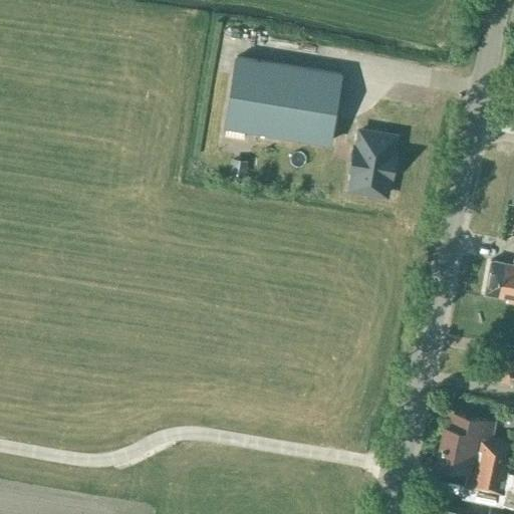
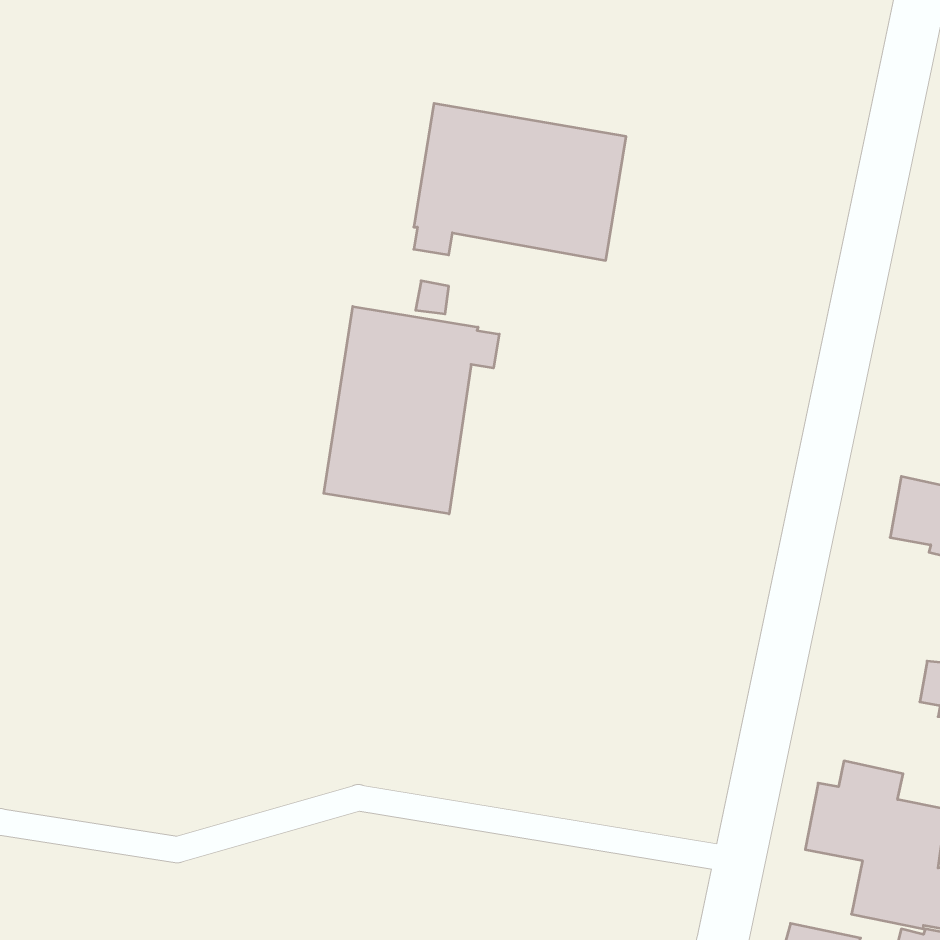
building: [350,130,400,198] -> none
building: none -> [324,306,499,514]

